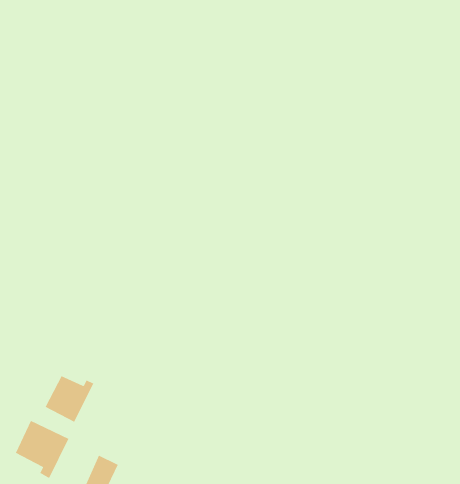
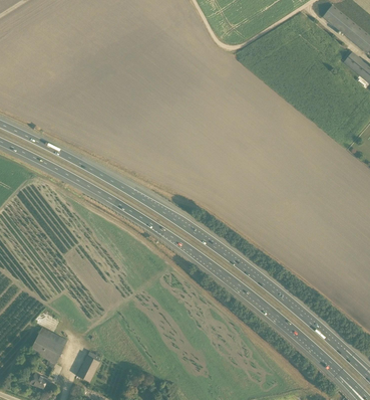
building: [45,375,94,423] -> none

